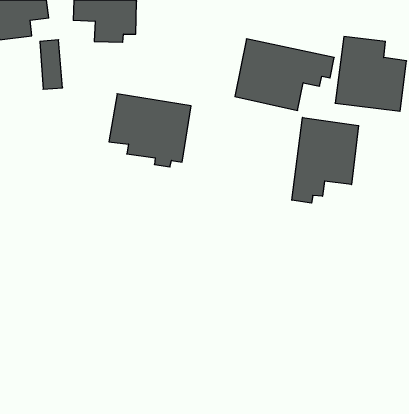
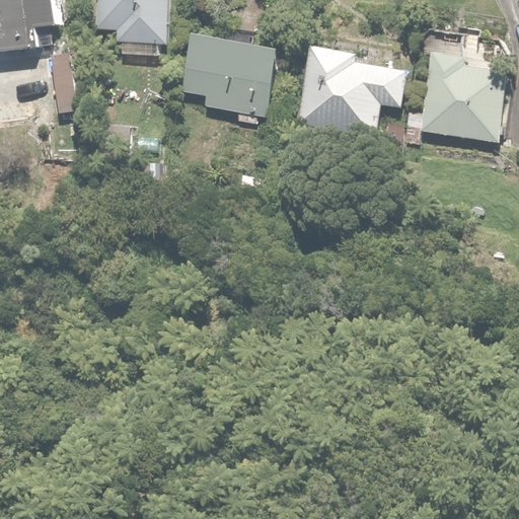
building: [109,94,191,167] -> [178,31,281,123]
building: [292,117,359,203] -> none

